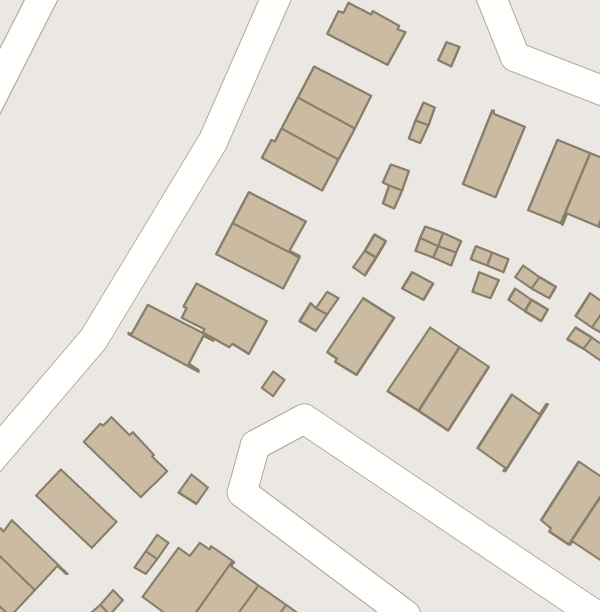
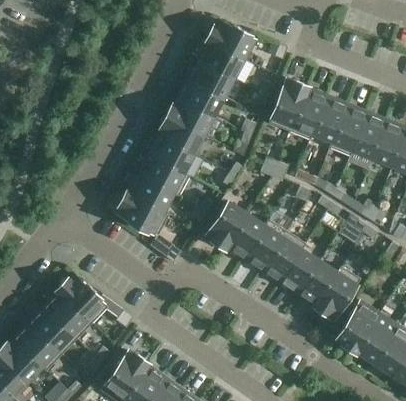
building: none -> [198,40,243,78]
building: none -> [268,81,307,132]
building: none -> [309,97,347,148]
building: none -> [158,116,203,155]
building: [128,305,215,372] -> [126,175,179,216]
building: none -> [224,214,269,259]
building: none -> [280,244,319,294]
building: none -> [315,267,360,318]
building: none -> [43,290,92,339]
building: none -> [13,323,62,371]

